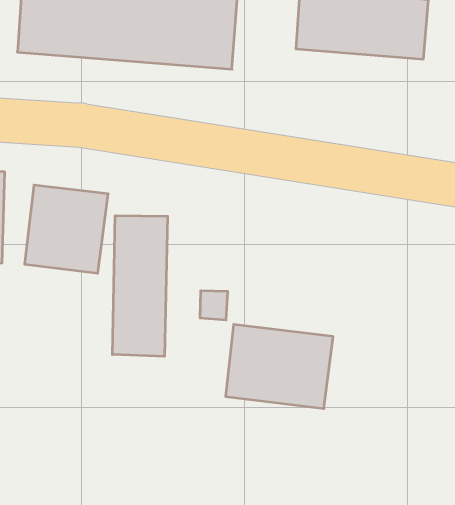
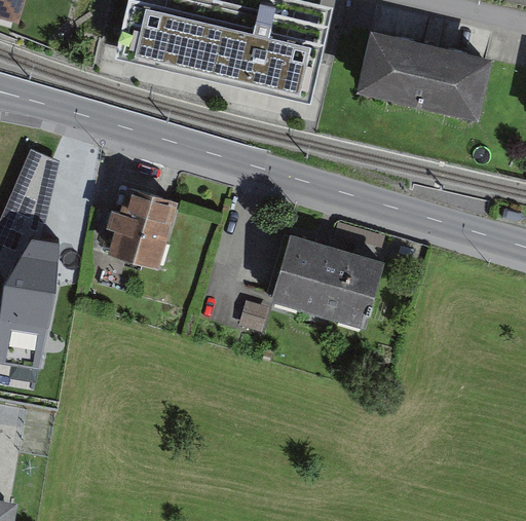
building: [112,216,168,356] -> none
building: [226,324,333,409] -> [273,238,375,324]

